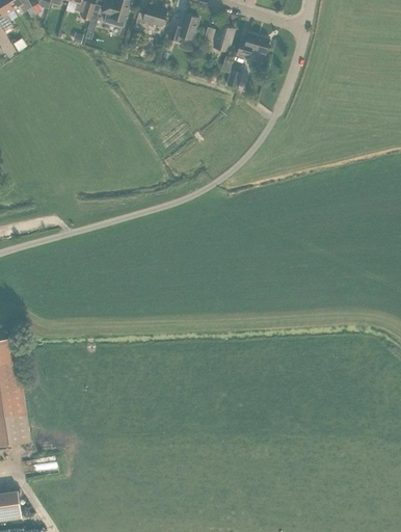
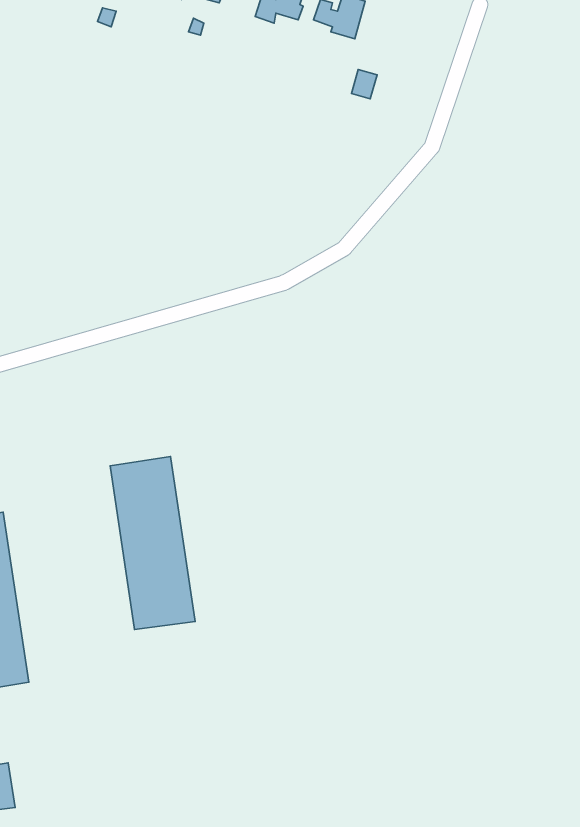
building: [236,32,269,58] -> none
building: none -> [110,456,195,629]

